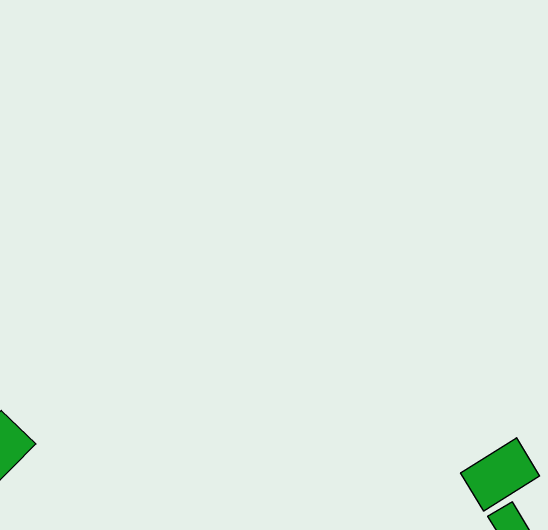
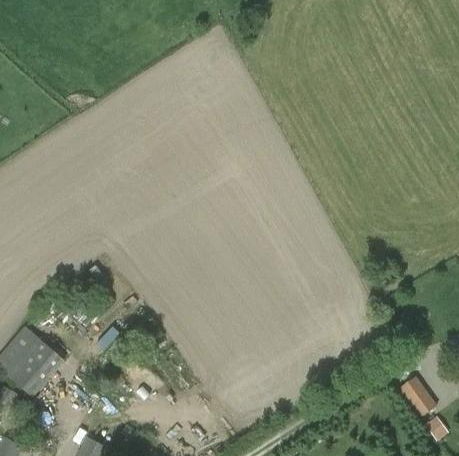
building: [461,438,540,511] -> none

